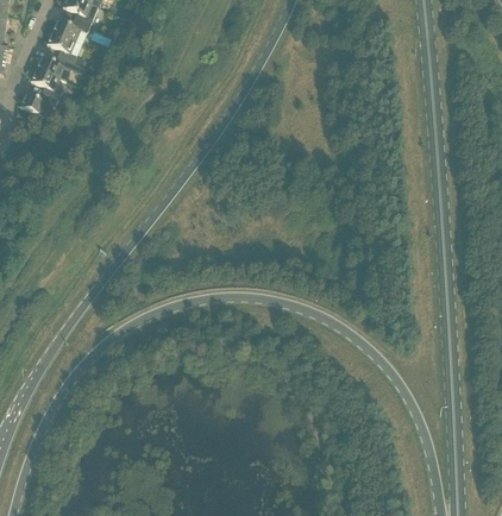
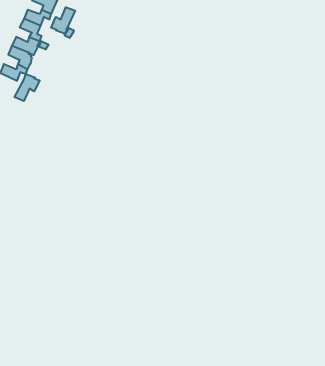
building: none -> [51,7,75,34]
building: none -> [15,74,40,101]

